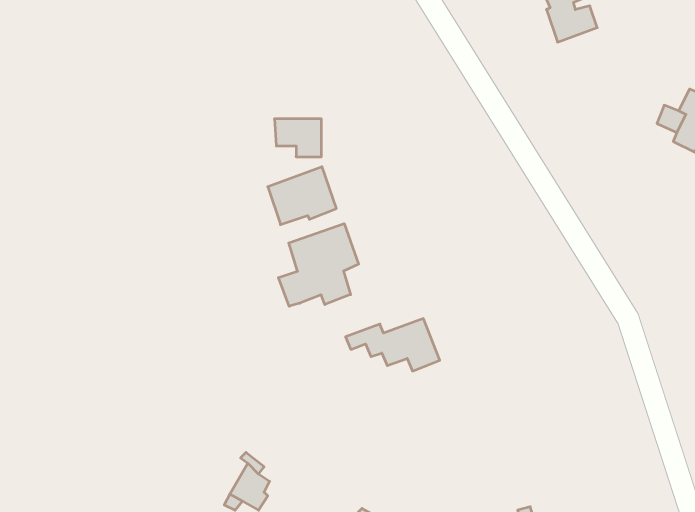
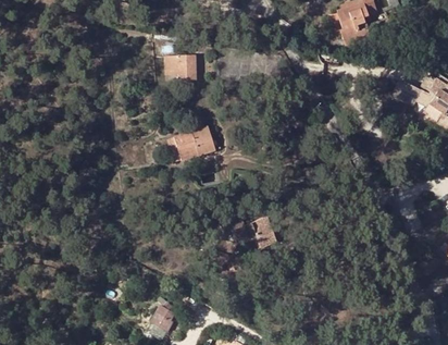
building: [274,119,321,157] -> [164,57,192,79]
building: [278,224,359,306] -> none

